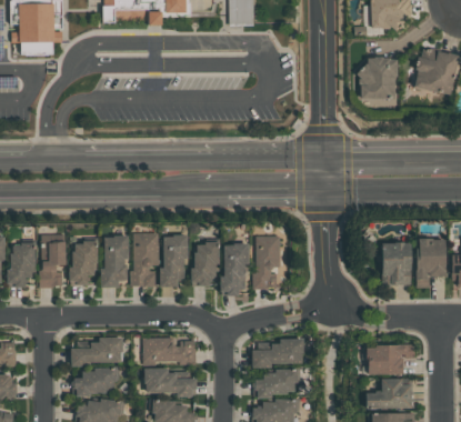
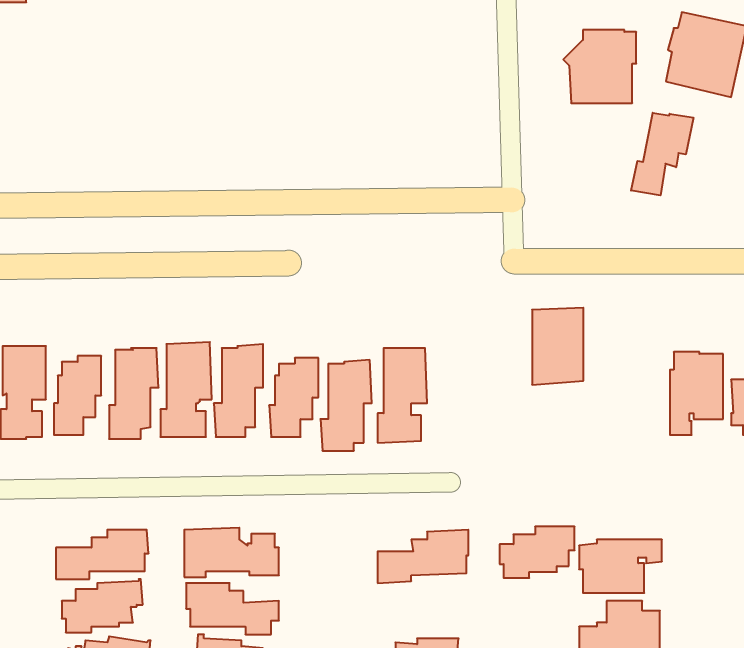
building: none -> [631,113,693,195]
building: [382,243,411,287] -> [532,308,583,385]
building: [255,370,298,399] -> [500,527,575,578]

